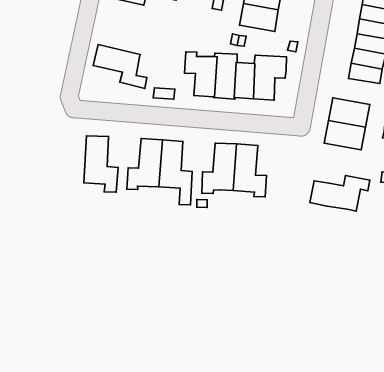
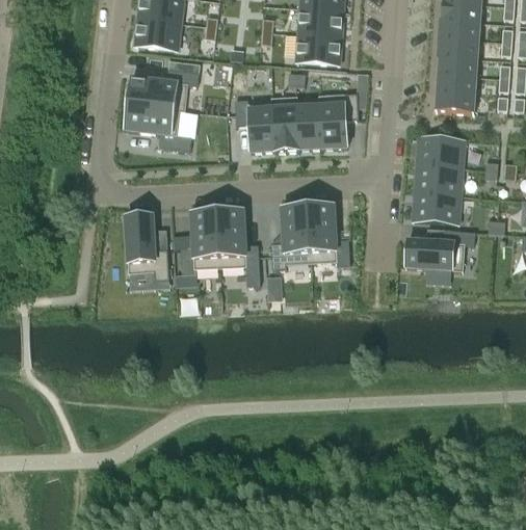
building: none -> [127,60,199,111]
building: none -> [412,192,459,223]

